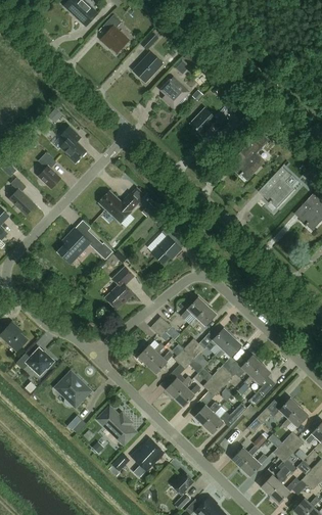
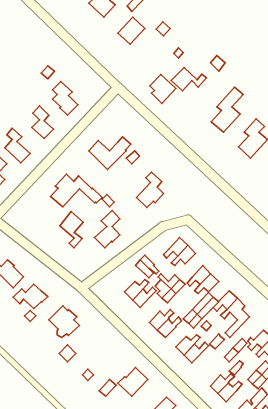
building: [159,79,188,110] -> [150,75,176,103]
building: none -> [60,211,83,248]
building: [96,406,135,443] -> none

